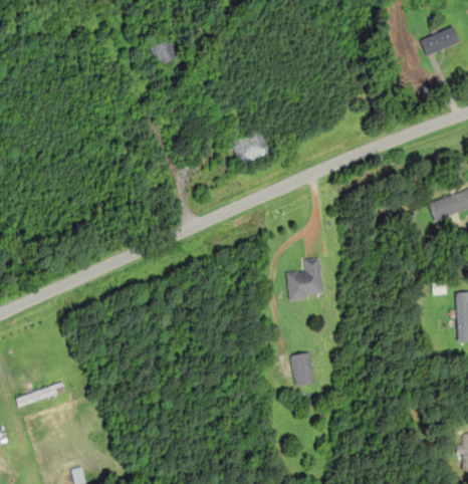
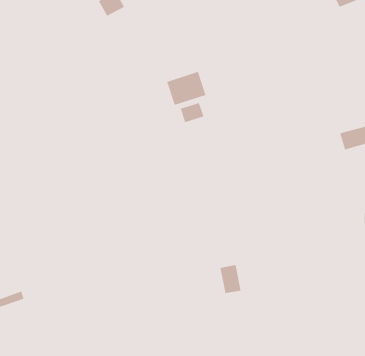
building: none -> [180,102,205,123]
building: [286,258,323,299] -> none

